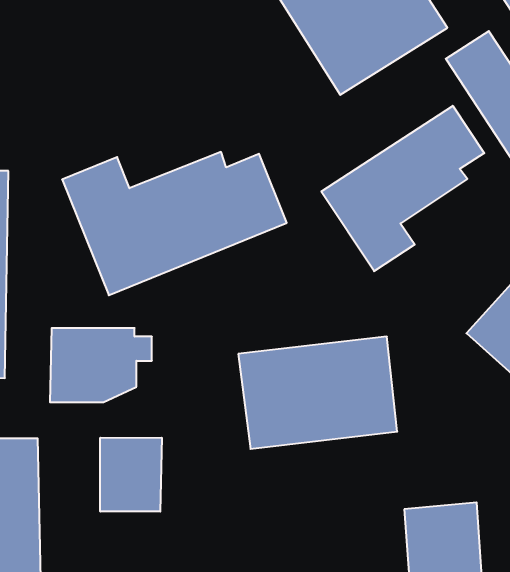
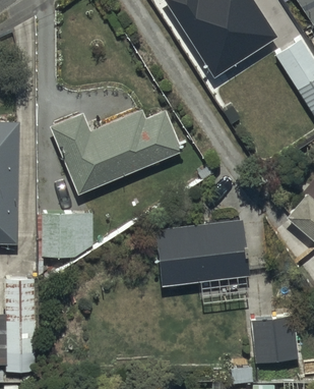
building: [321,106,484,271] -> none
building: [100,438,162,512] -> none

